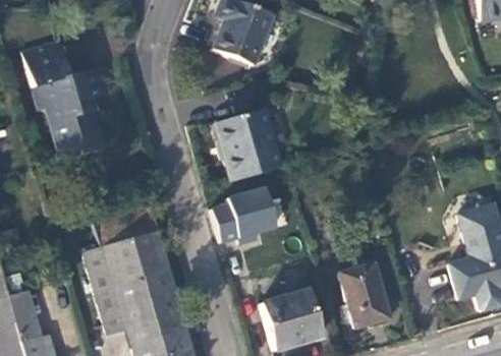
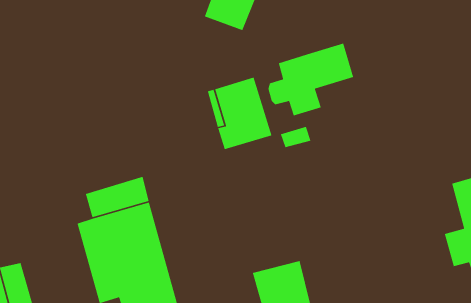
building: [23,43,111,161] -> none
building: none -> [268,43,354,117]
building: [211,186,277,239] -> none
building: [340,264,387,328] -> none

